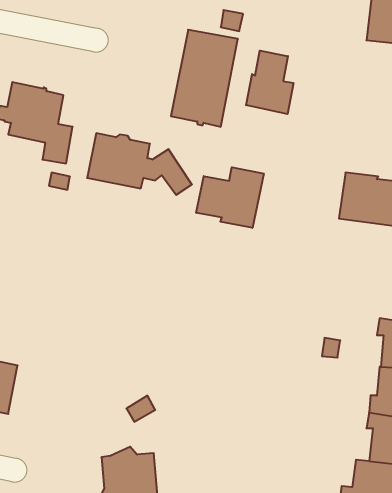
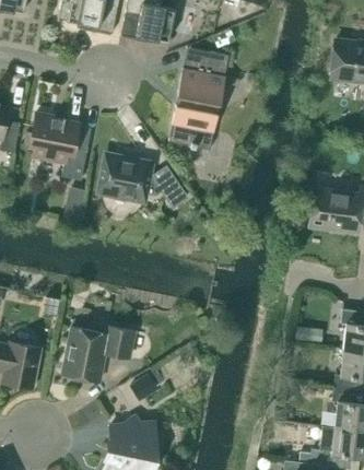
building: [246,51,293,114] -> none
building: [196,167,264,228] -> none
building: none -> [62,326,134,381]

